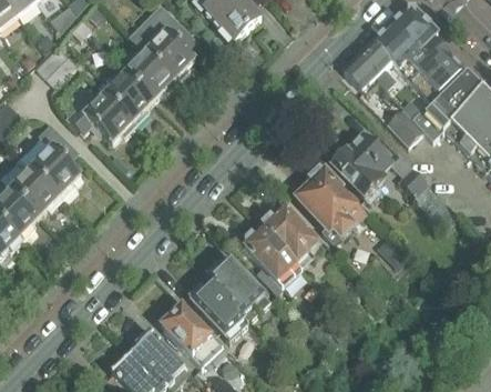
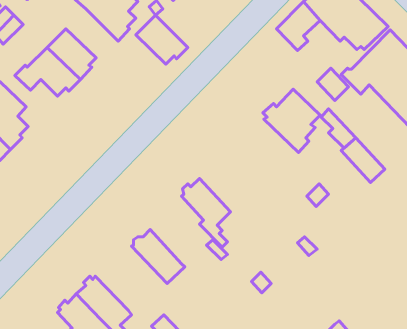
building: [121,46,176,98] -> [136,15,188,64]
building: [295,162,358,240] -> none
building: [262,207,318,262] -> none
building: [207,258,269,321] -> none
building: [161,302,211,365] -> none

